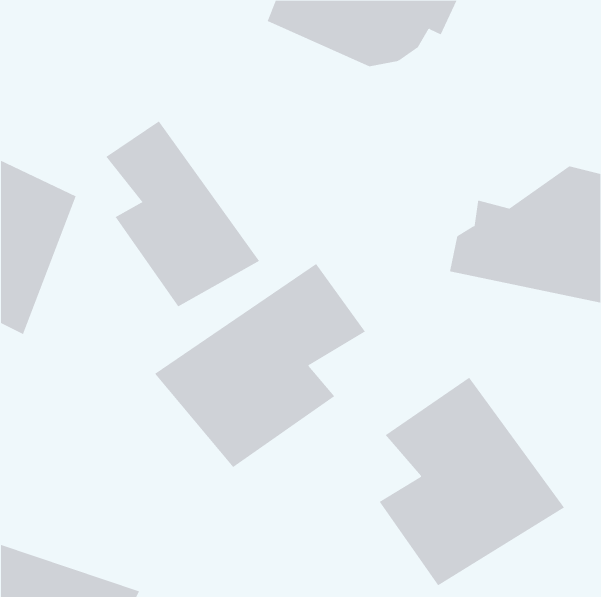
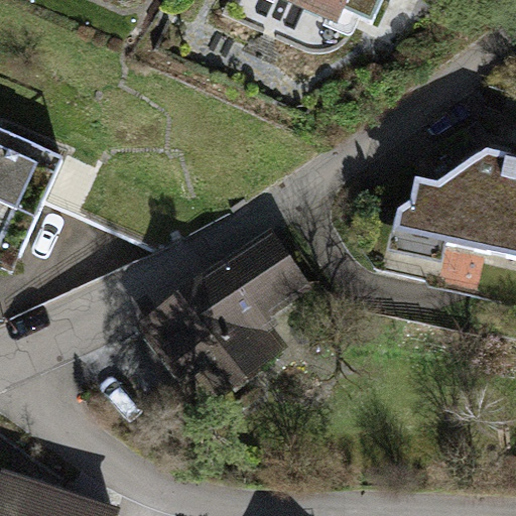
building: [105,120,260,307] -> none
building: [379,377,565,586] -> none

